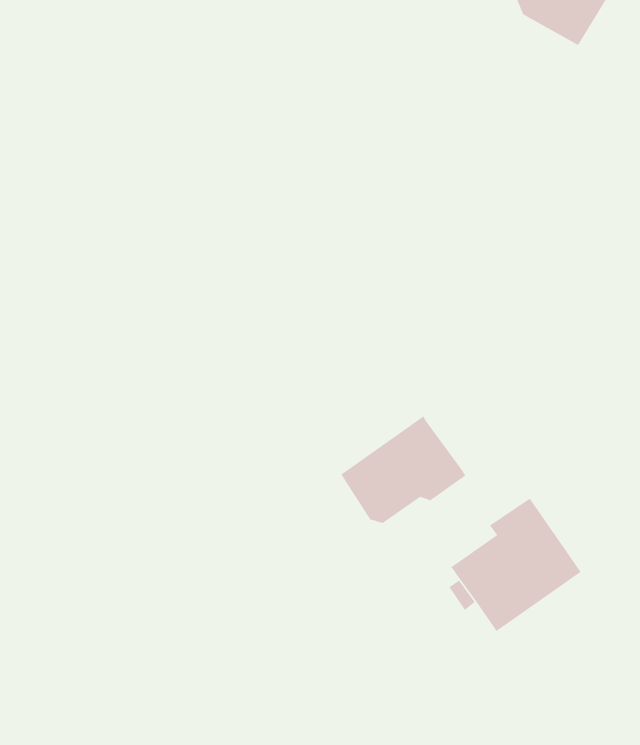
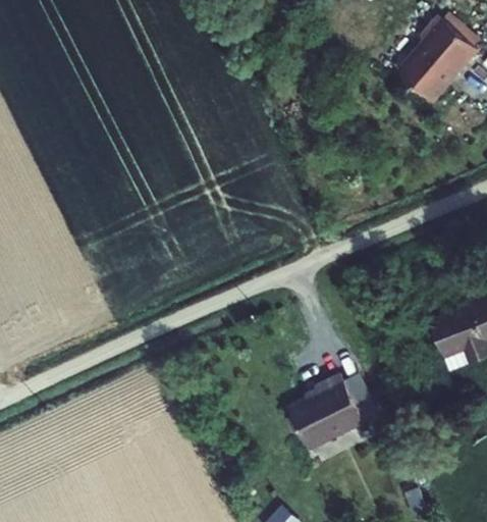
building: [341,416,466,524] -> none

